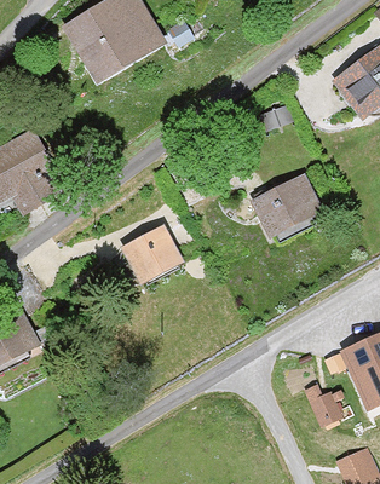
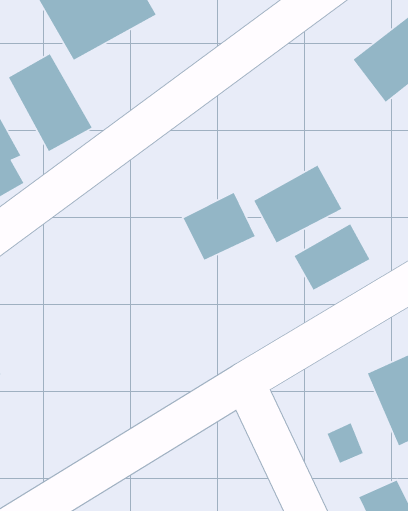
building: none -> [8,53,93,152]
building: none -> [293,223,371,291]
building: [121,225,183,283] -> [182,192,256,261]

